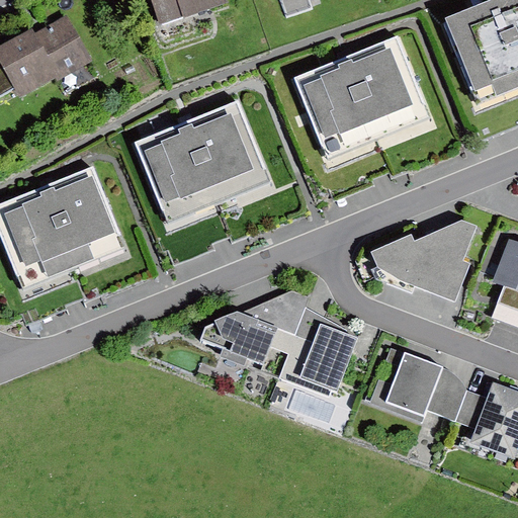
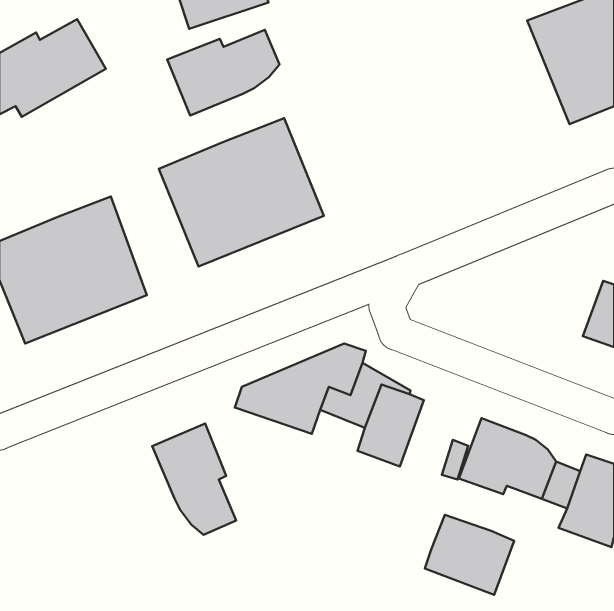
building: none -> [167,30,279,115]
building: [294,35,432,158] -> none
building: [371,219,476,299] -> none
building: none -> [152,423,236,535]
building: none -> [425,515,514,595]

